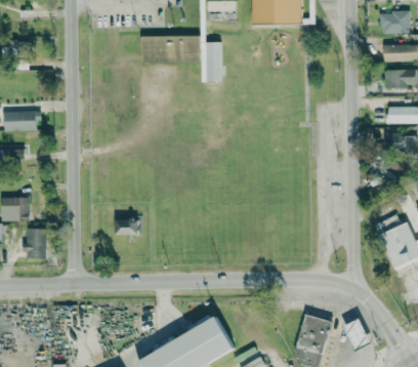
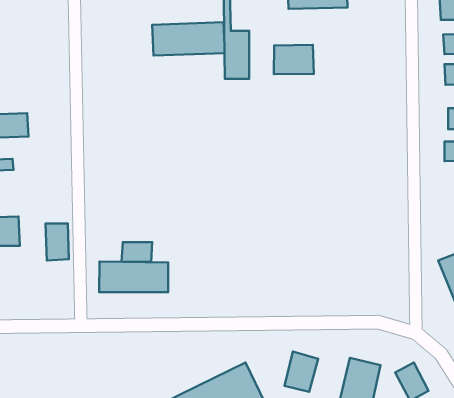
building: none -> [274,45,314,74]
building: [27,229,46,259] -> [46,223,69,260]
building: none -> [99,262,168,292]
building: none -> [284,351,318,392]

